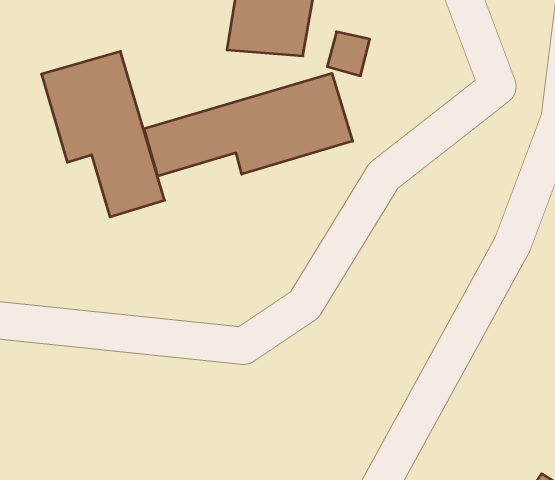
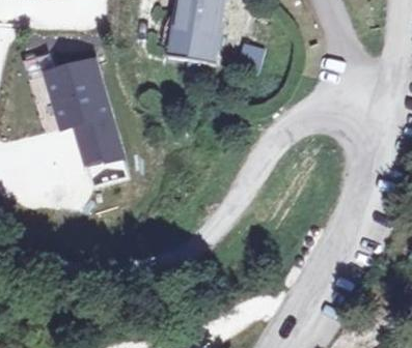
building: [144,73,353,176] -> none

